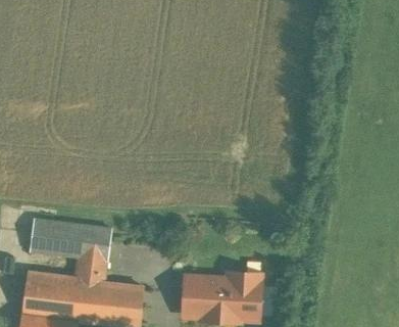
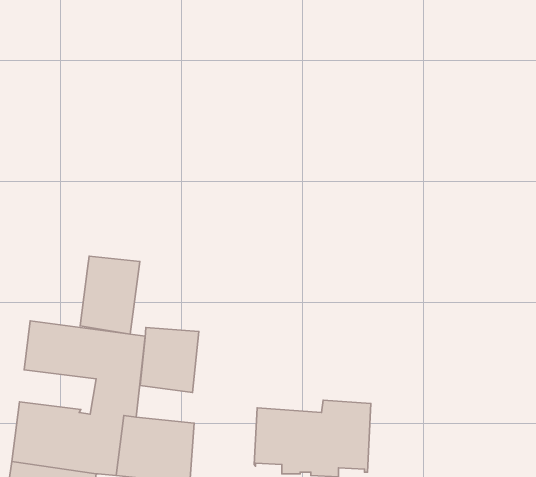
building: none -> [80,256,140,334]
building: none -> [140,327,199,392]

